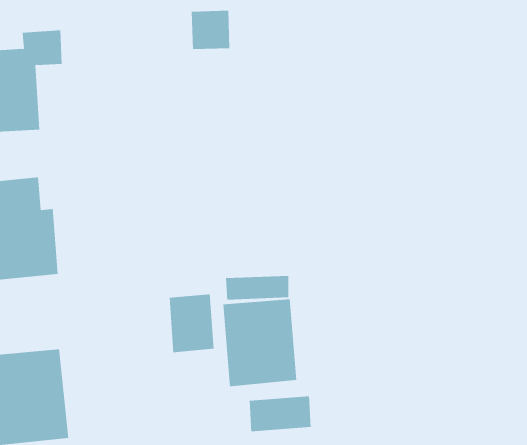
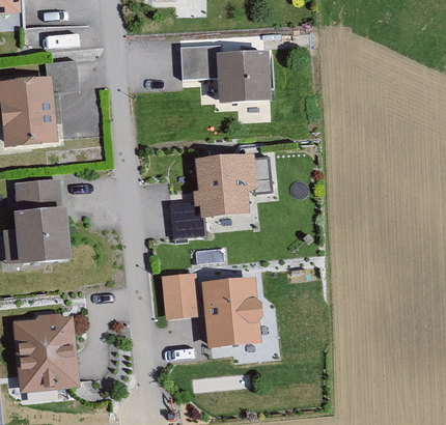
building: none -> [219,55,267,102]
building: none -> [167,157,257,236]
building: [249,395,311,432] -> none

